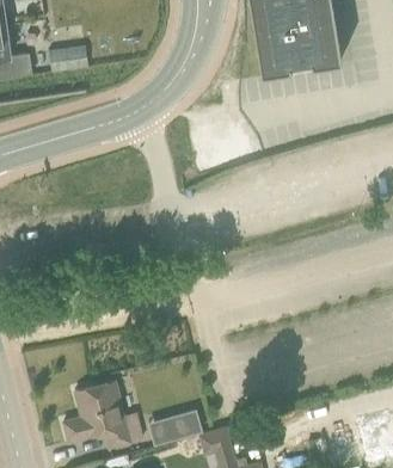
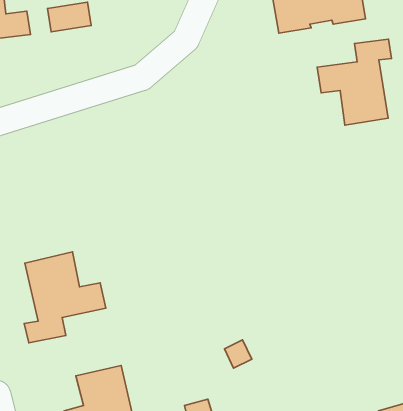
building: none -> [317,39,392,125]
building: none -> [24,252,106,343]

